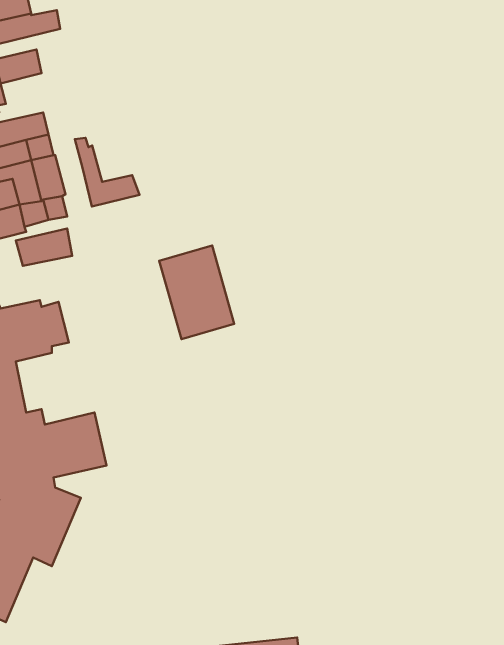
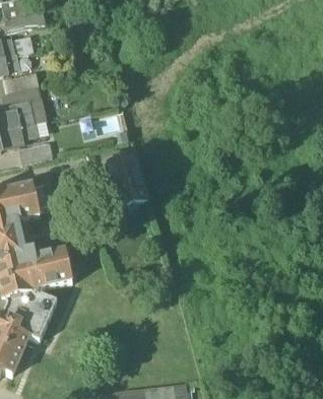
building: [75,138,139,206] -> none

